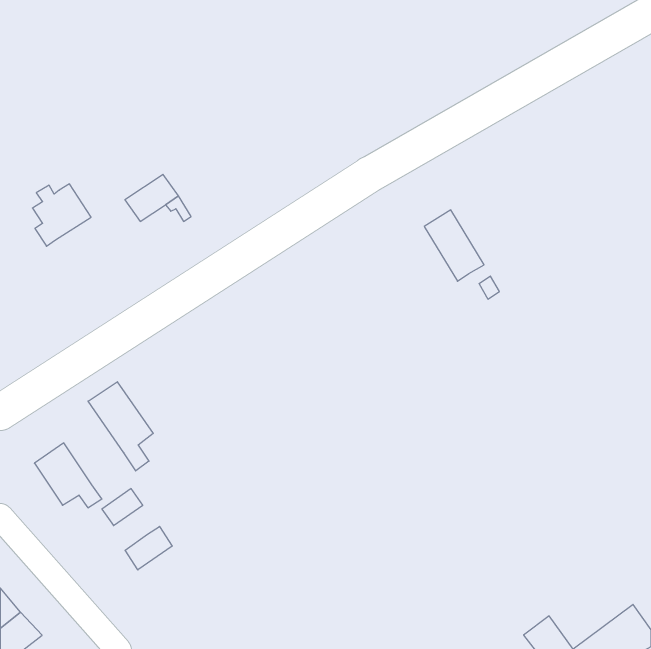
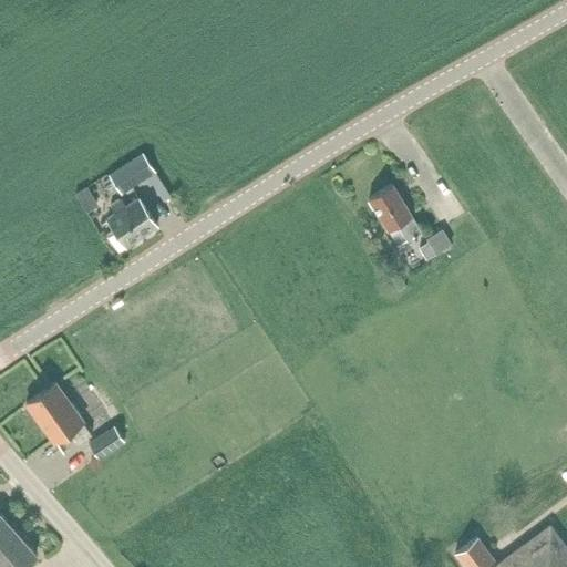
building: [32,184,91,246] -> [106,198,157,252]
building: [88,382,153,471] -> none
building: [125,526,172,570] -> none

